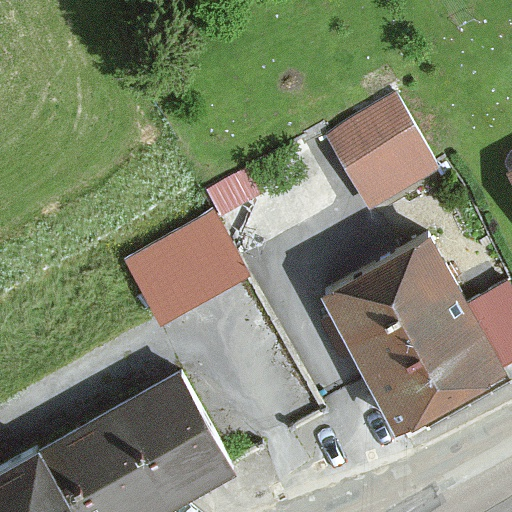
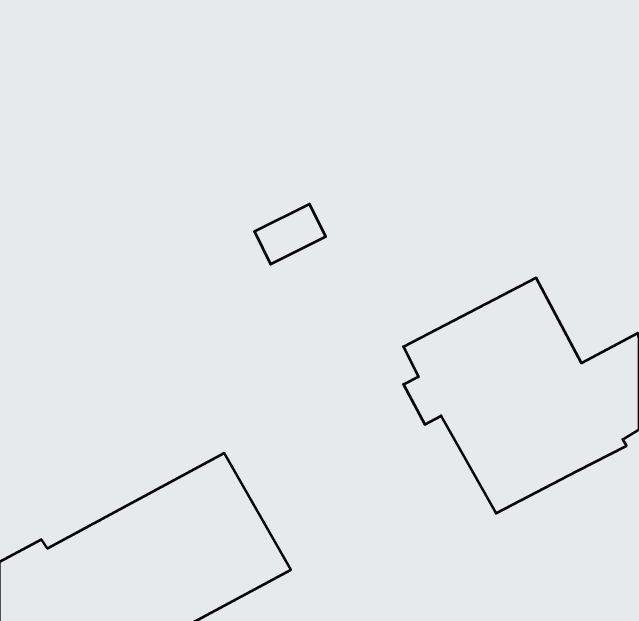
building: [336,100,439,204] -> none
building: [128,222,241,321] -> none

